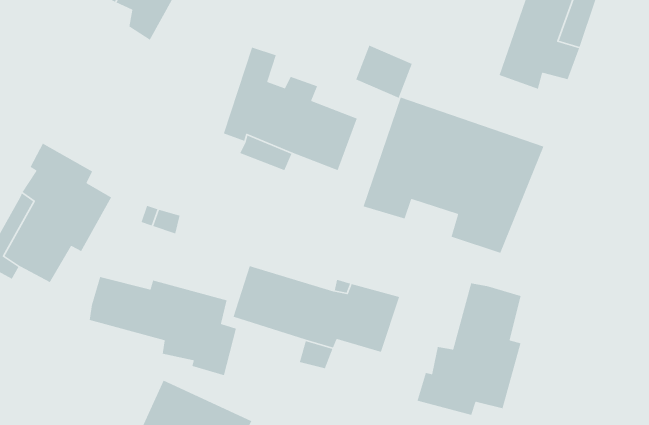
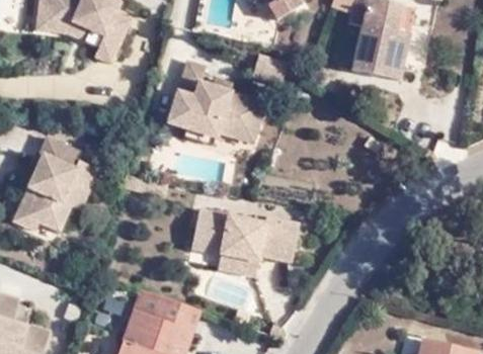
building: [362,96,545,254] -> none
building: [89,276,237,376] -> none
building: [416,283,521,416] -> none

